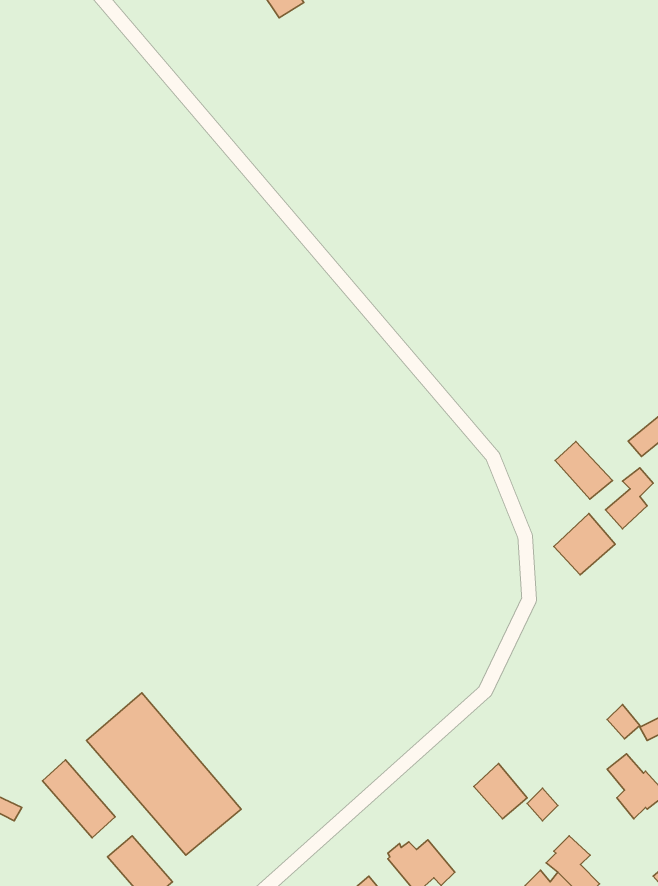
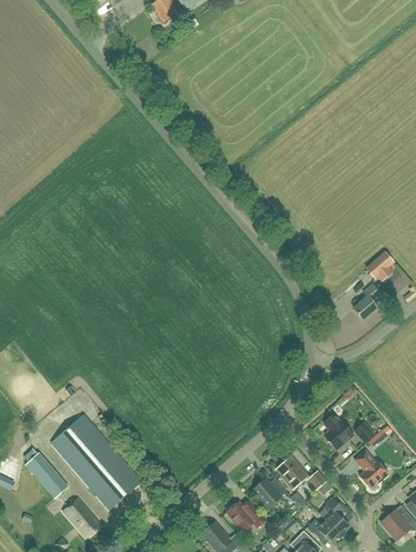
building: [555,441,612,499] -> none
building: [554,513,615,575] -> none
building: none -> [324,413,354,449]
building: none -> [254,478,297,508]

